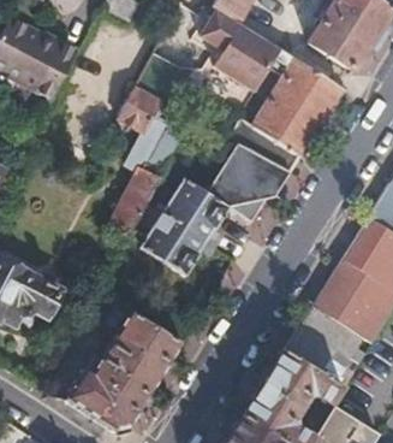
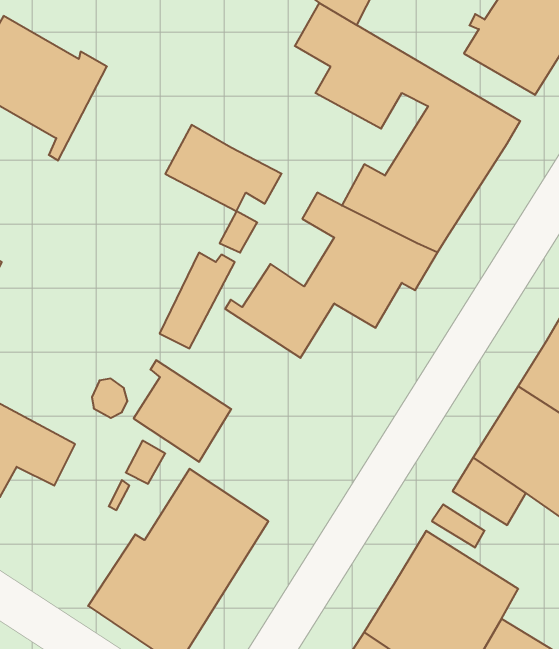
building: [142,207,204,272] -> [134,360,231,462]

